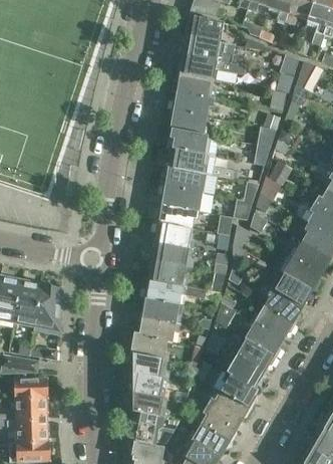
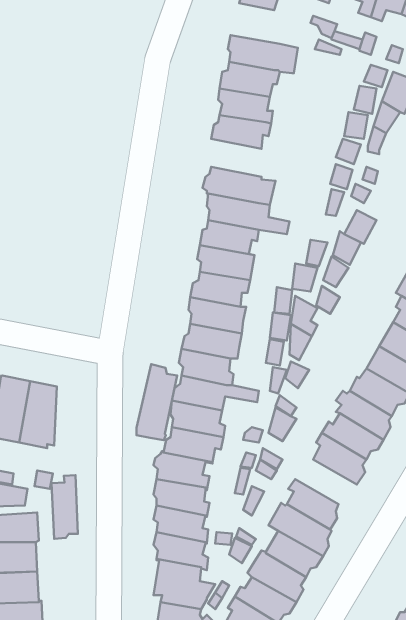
building: [186,16,227,41] -> none
building: [170,109,208,136] -> none
building: none -> [137,364,177,440]
building: [232,339,276,372] -> none
building: none -> [52,475,78,539]

